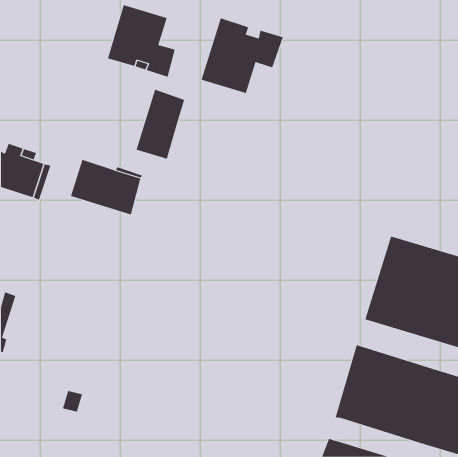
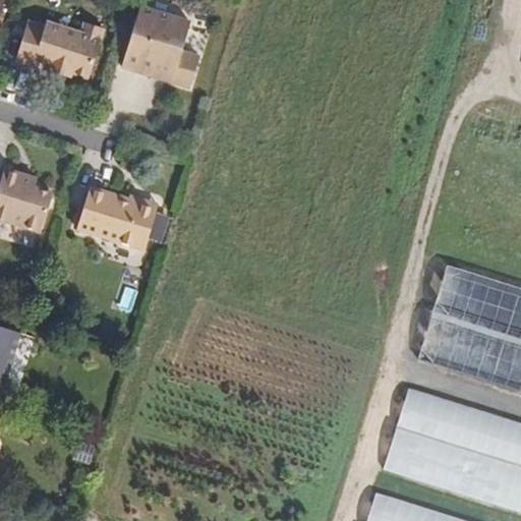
building: none -> [17,16,107,73]
building: [201,18,283,94] -> none
building: [136,89,185,159] -> none

